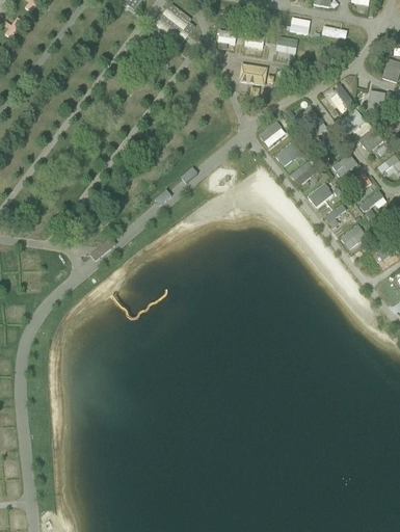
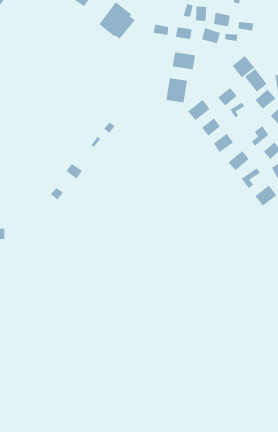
building: none -> [232,55,255,78]
building: none -> [166,78,188,103]

